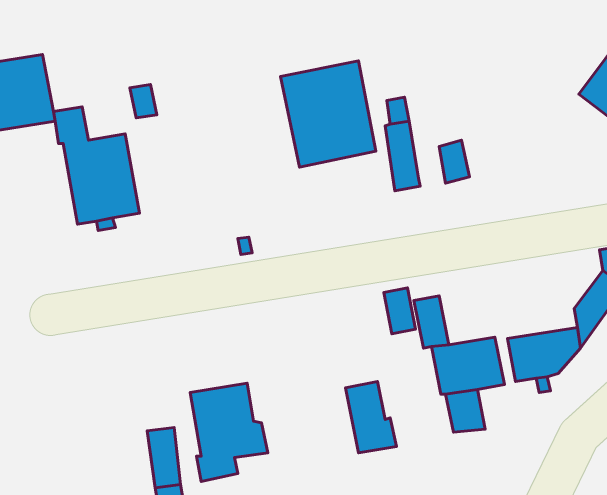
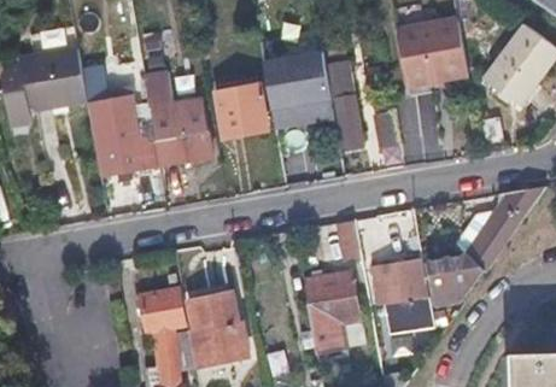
building: none -> [396,17,466,84]
building: none -> [216,87,268,140]
building: none -> [148,101,212,165]
building: none -> [303,271,359,323]
building: none -> [130,288,188,330]

